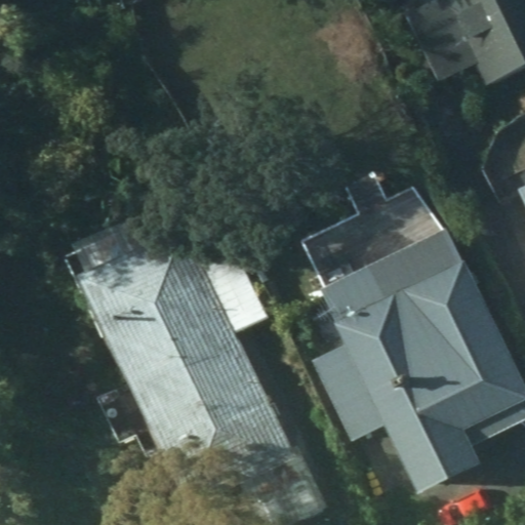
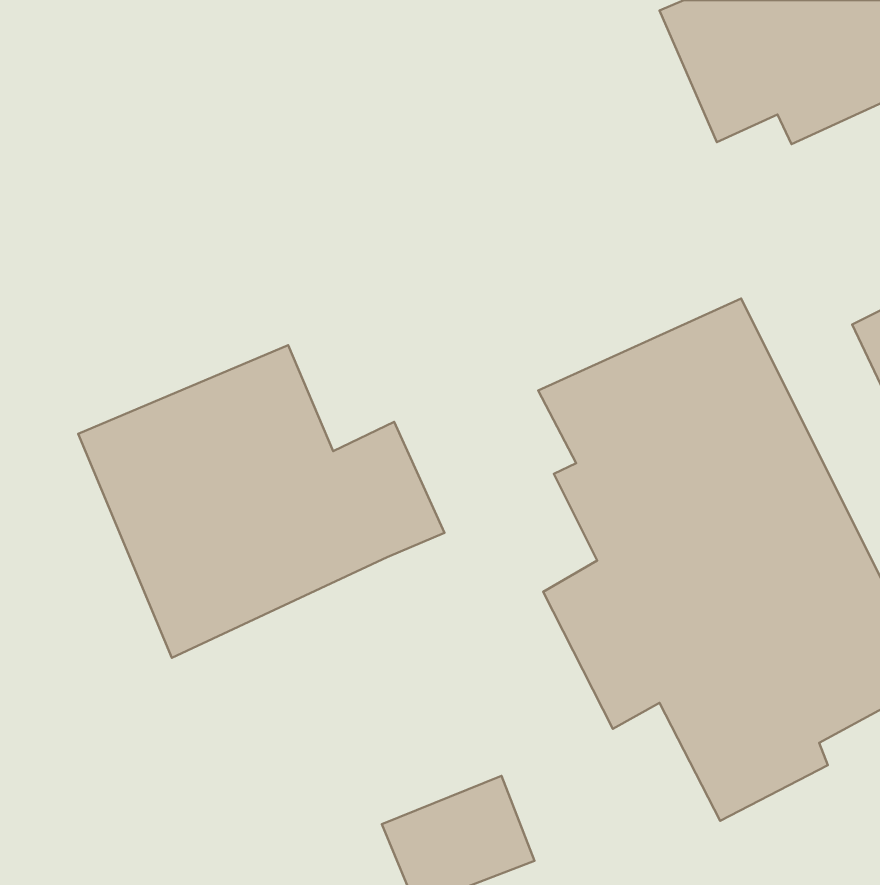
building: [92,330,289,513] -> none

